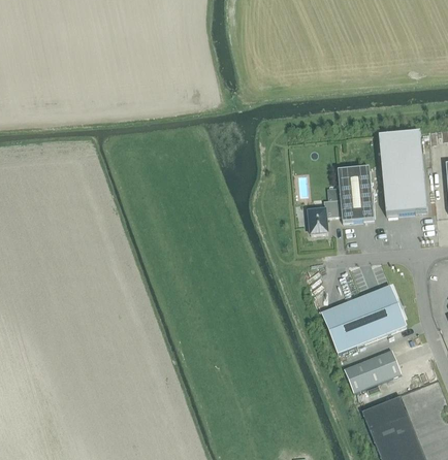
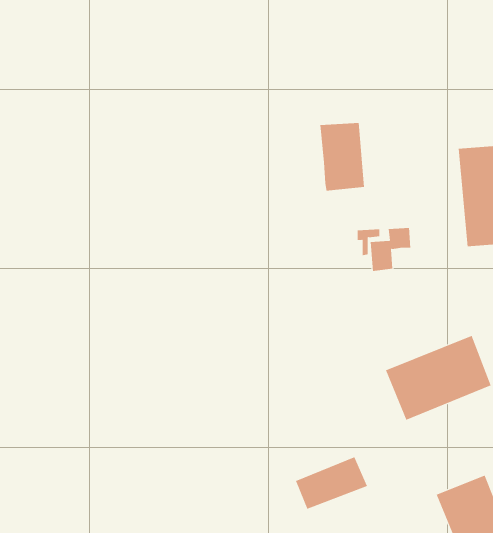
building: [338,166,374,221] -> [319,122,365,191]
building: [344,349,402,391] -> [295,456,368,509]

